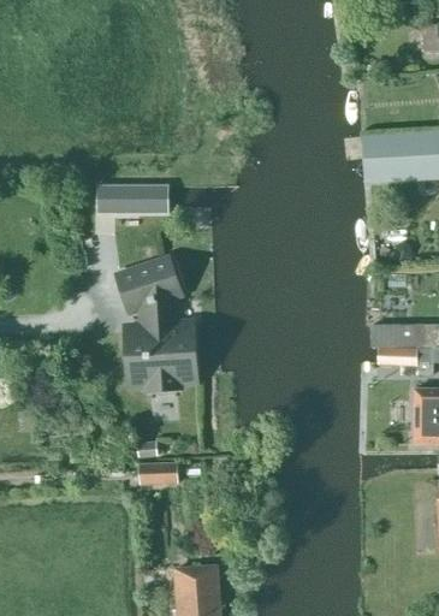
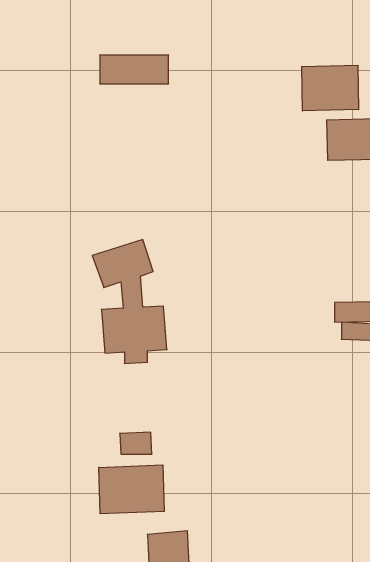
building: none -> [302,65,359,111]
building: [96,183,168,213] -> [100,55,169,84]
building: none -> [99,465,164,514]

